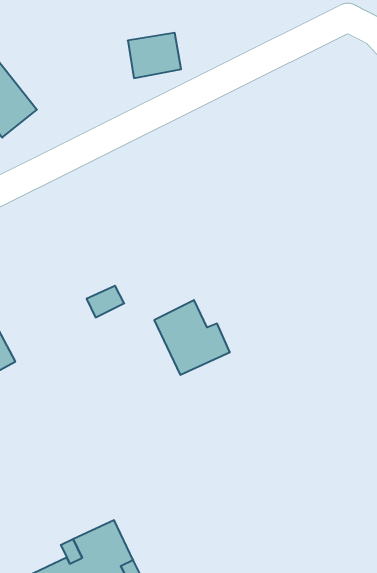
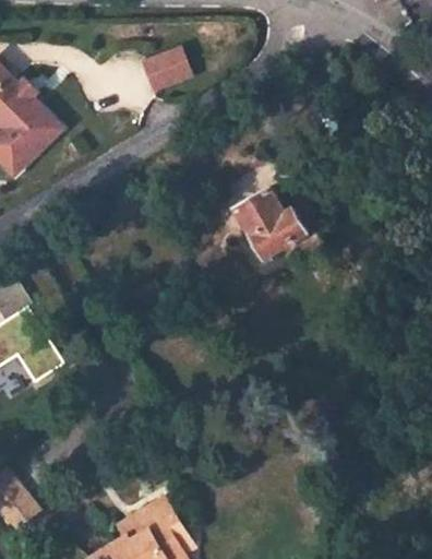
building: [154,300,230,375] -> [237,189,309,259]

